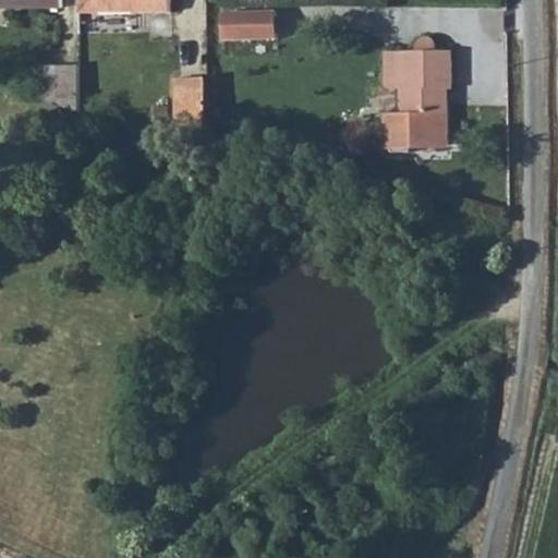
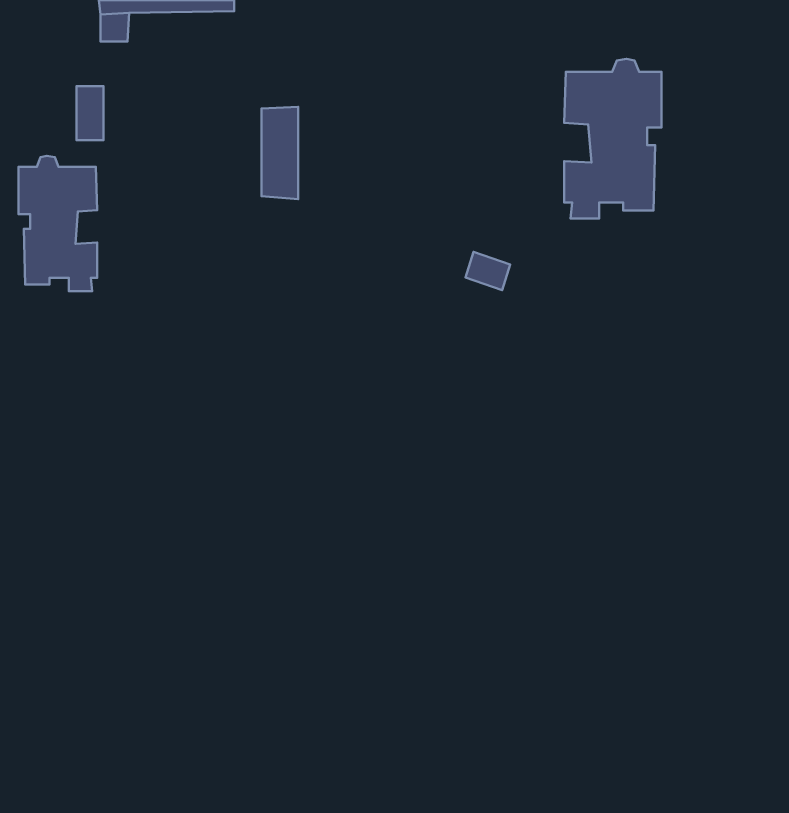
building: [225,10,280,39] -> none
building: none -> [19,156,97,291]

